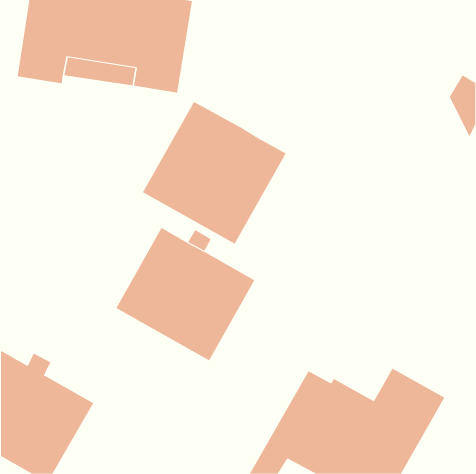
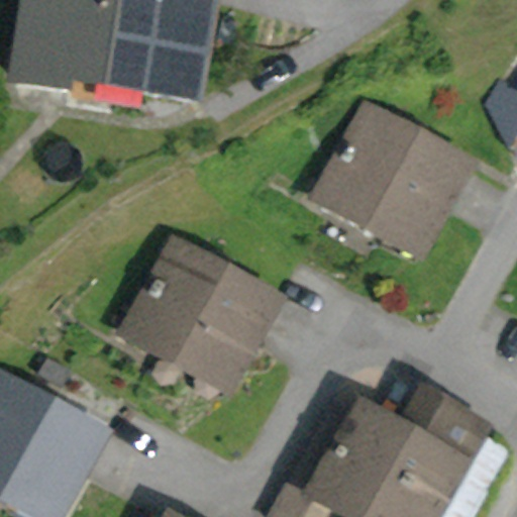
building: [142,101,286,245] -> none
building: none -> [318,112,469,256]

